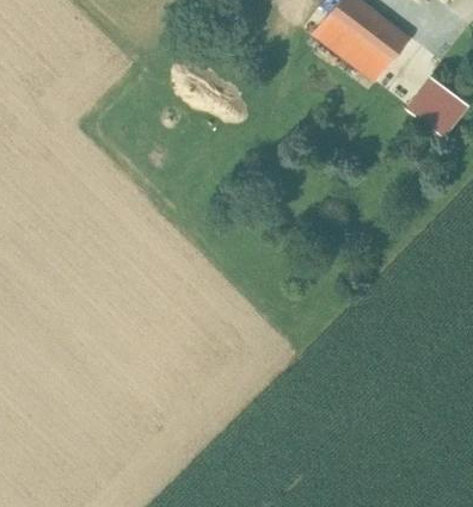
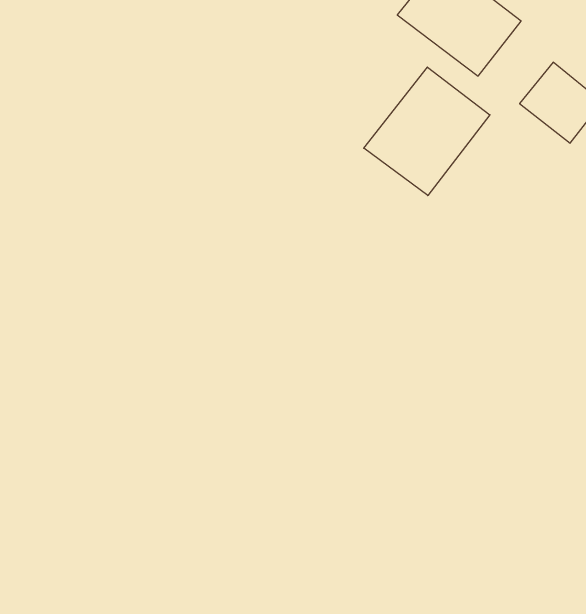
building: none -> [364,67,490,196]

